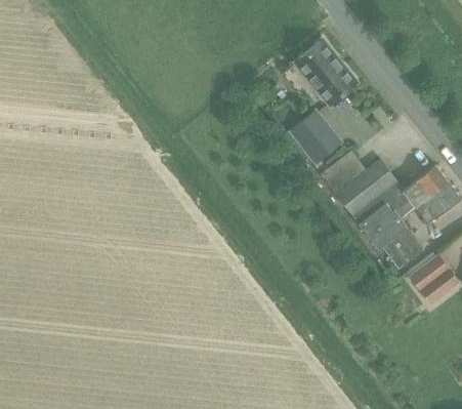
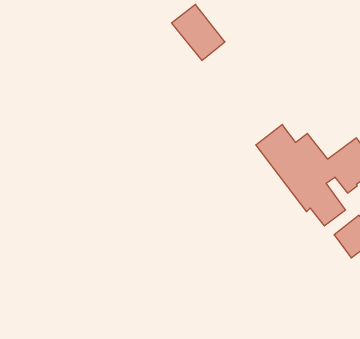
building: [294,40,355,105] -> [172,4,225,60]
building: [290,112,339,162] -> none

